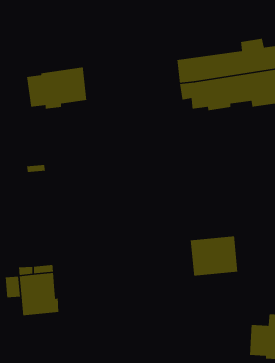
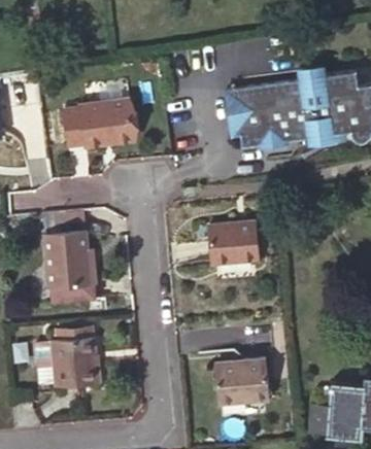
building: none -> [207,211,257,253]
building: none -> [43,232,97,304]
building: [190,235,238,277] -> [214,357,270,405]

